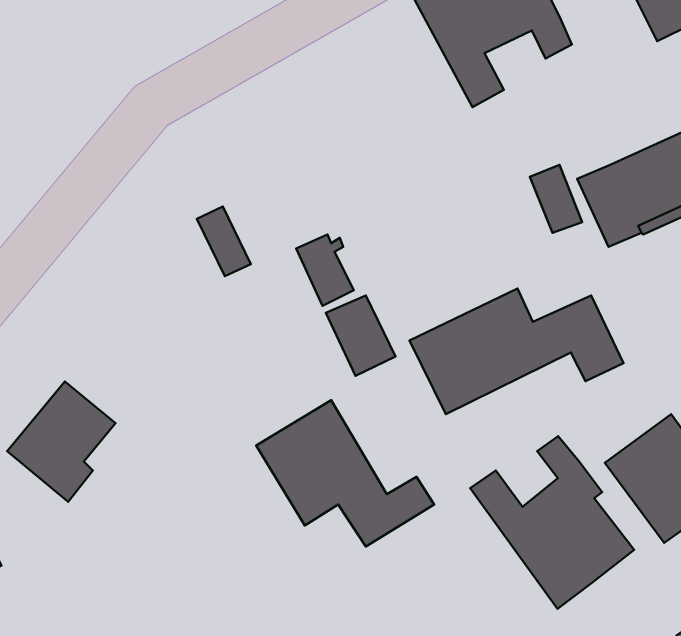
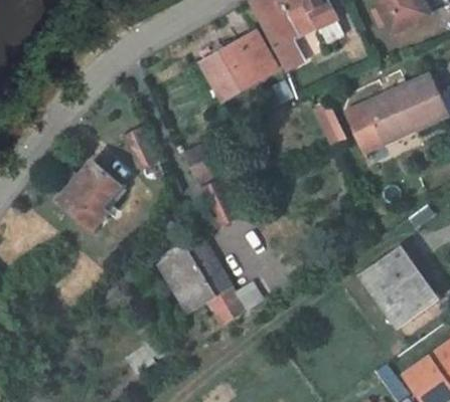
building: none -> [201,31,277,100]
building: [410,288,624,414] -> none
building: [7,381,115,502] -> [58,160,121,229]
building: [470,436,634,609] -> none

